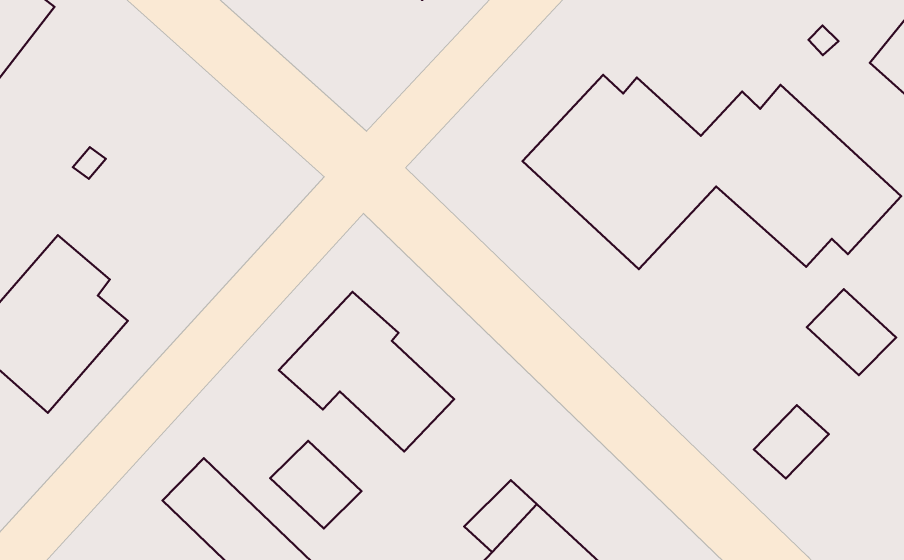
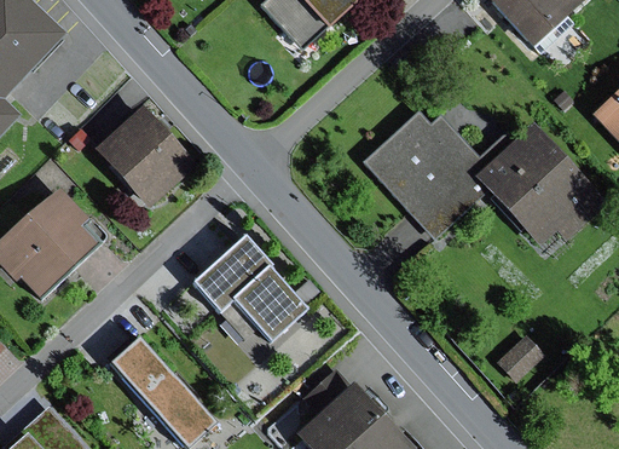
building: none -> [93,107,196,208]
building: [807,289,896,375] -> none
building: [270,441,362,529] -> none

